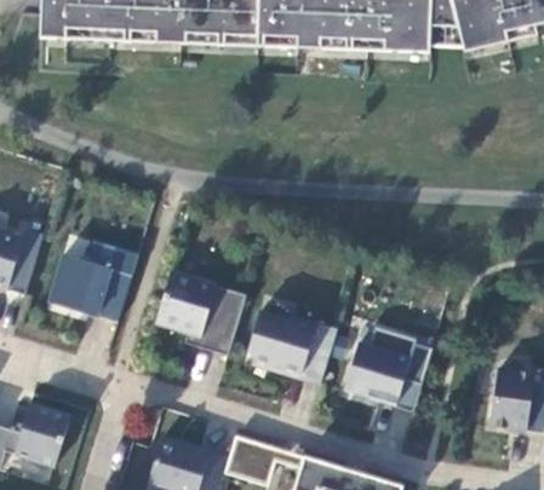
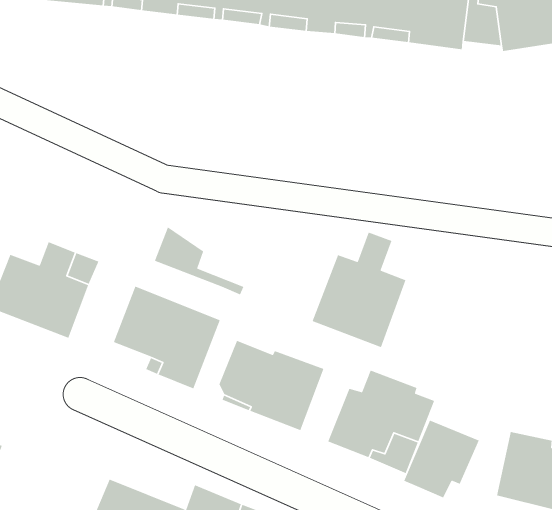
building: none -> [311,232,407,348]
building: none -> [154,226,244,296]
building: none -> [403,419,480,498]

